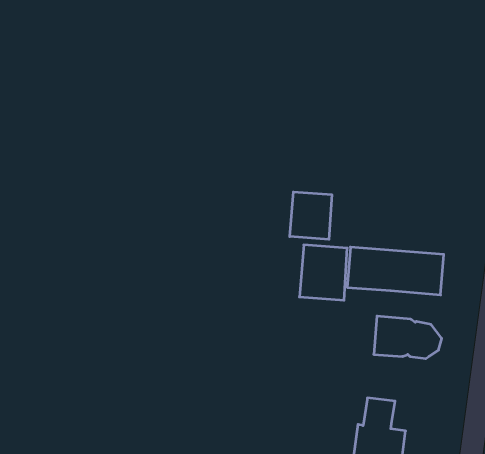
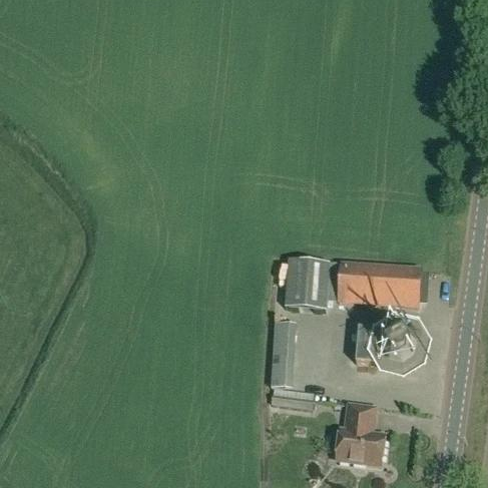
building: [290,192,332,239] -> none
building: none -> [271,322,314,410]

